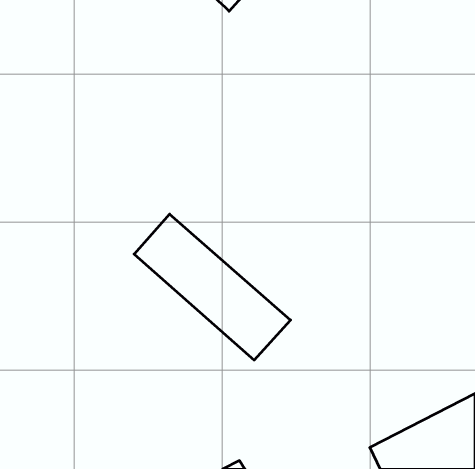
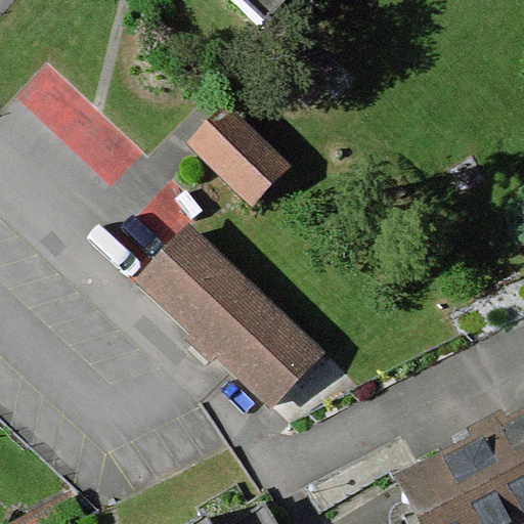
building: none -> [190,108,281,200]

